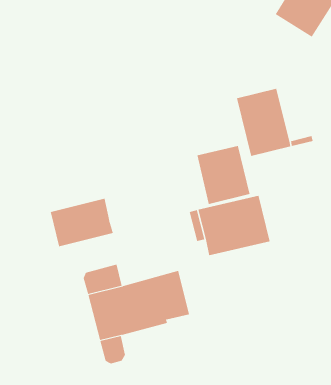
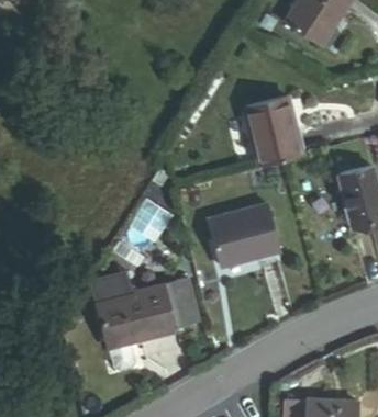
building: [197,145,250,205] -> none
building: [50,198,113,247] -> none

